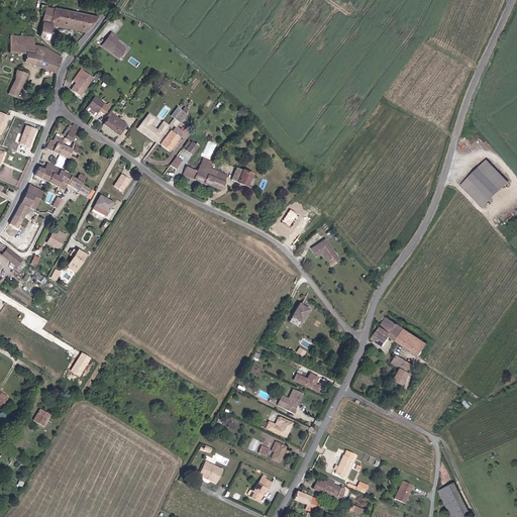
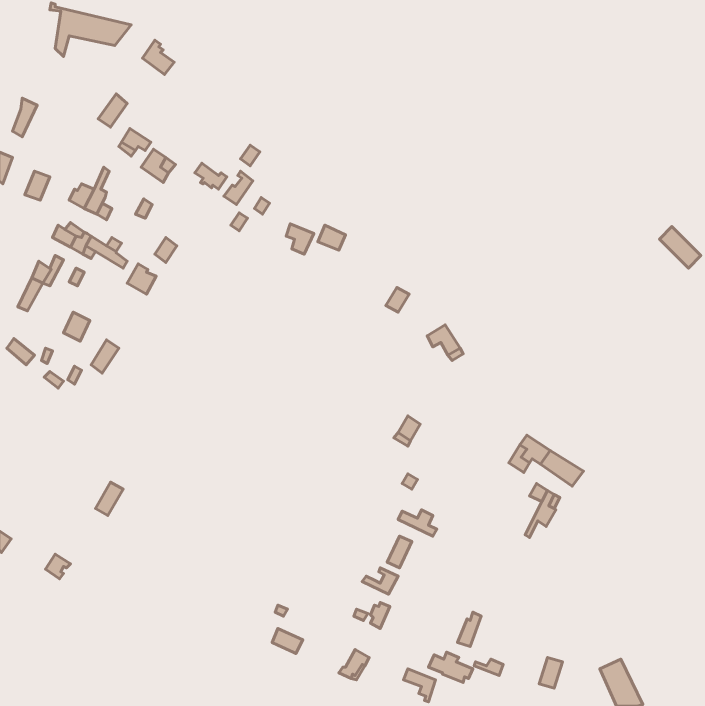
building: [10,36,62,74] -> none
building: [185,158,215,182] -> none
building: [466,175,503,212] -> none

